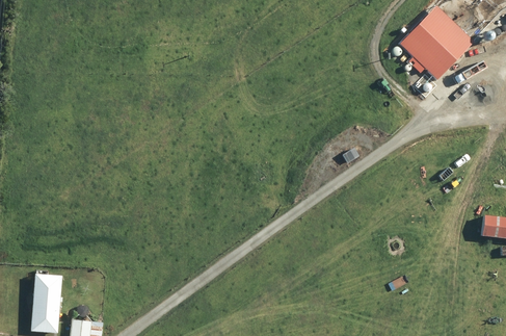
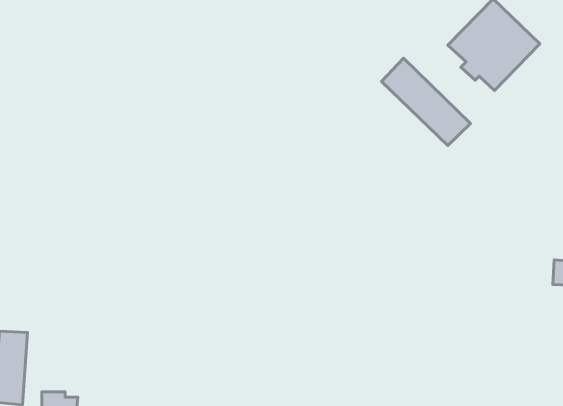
building: none -> [382,58,471,146]

